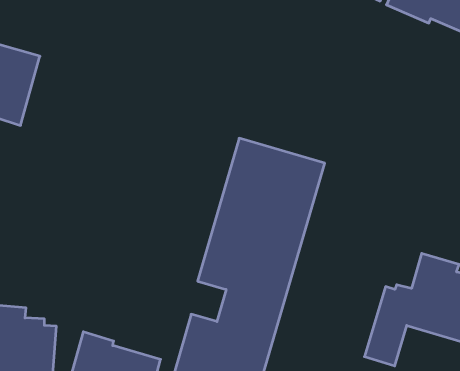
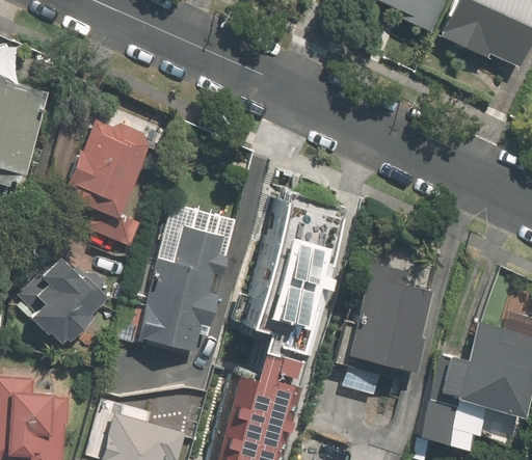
building: none -> [56,114,152,249]
building: none -> [135,224,230,357]
building: none -> [17,251,108,342]
building: none -> [347,265,435,369]

